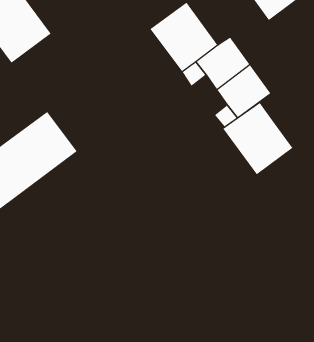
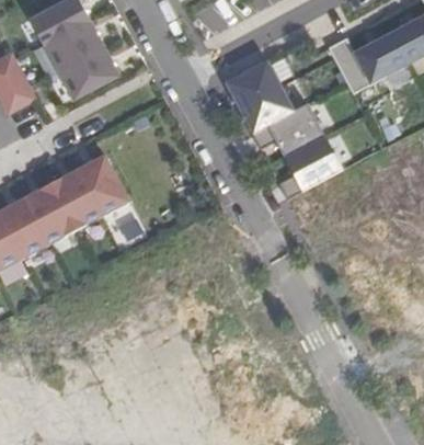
building: [222,102,293,175] -> none

